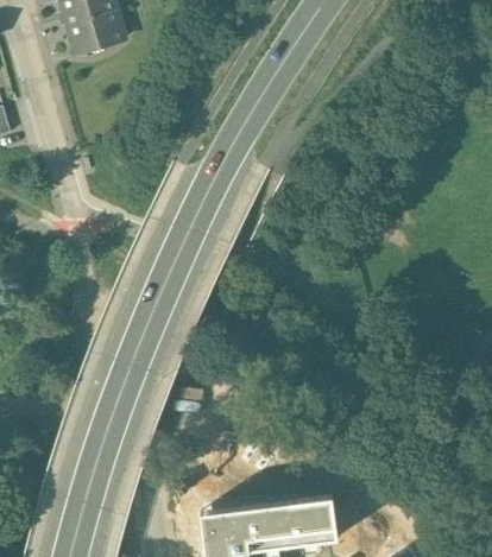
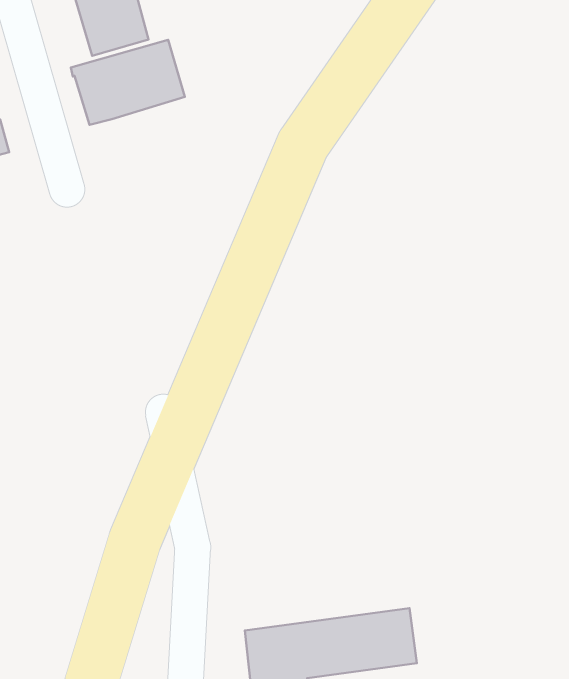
building: none -> [71,40,185,125]

